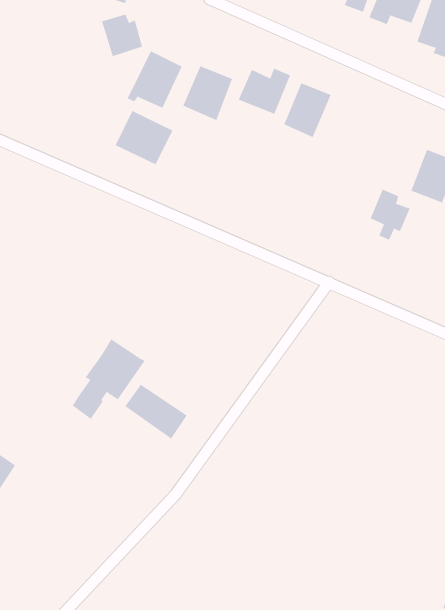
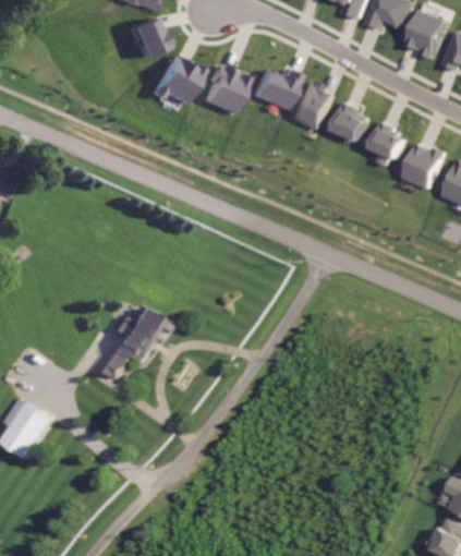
building: none -> [332,101,366,138]
building: [115,110,173,165] -> none
building: [370,189,410,241] -> [369,119,405,165]
building: [125,384,187,439] -> none

